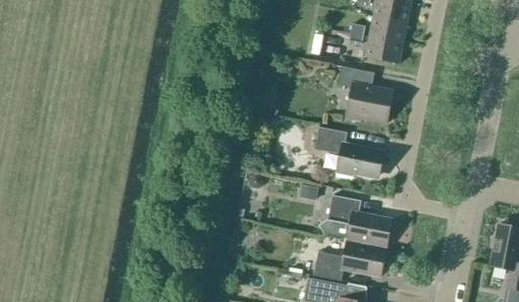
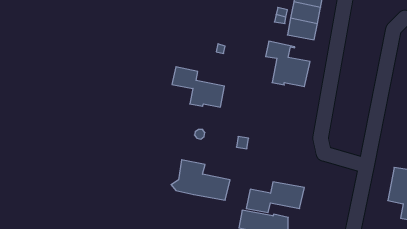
building: [314,127,380,177] -> [172,67,224,107]
building: [318,195,392,245] -> [171,160,230,200]

